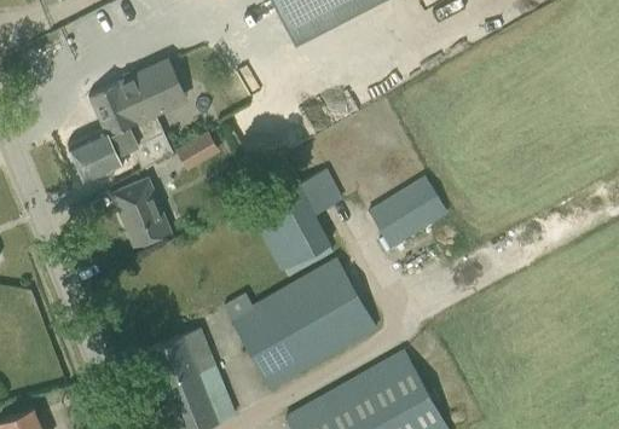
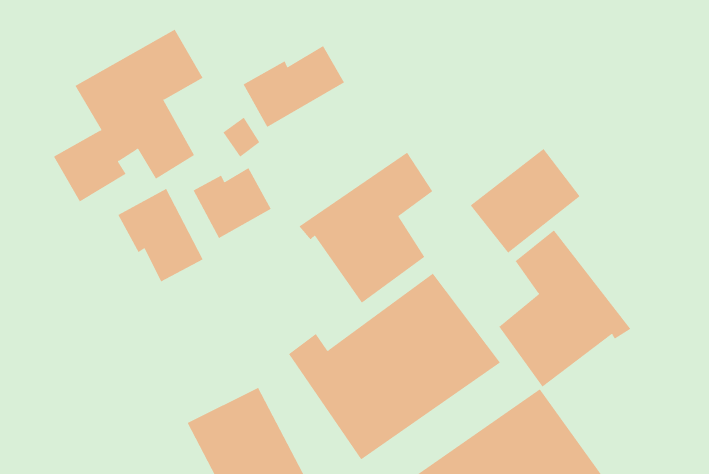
building: none -> [243,45,345,128]
building: none -> [193,167,272,239]
building: none -> [499,230,631,388]

